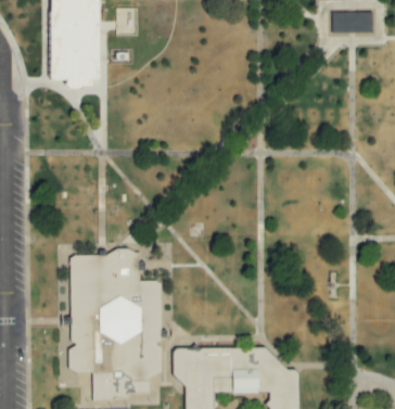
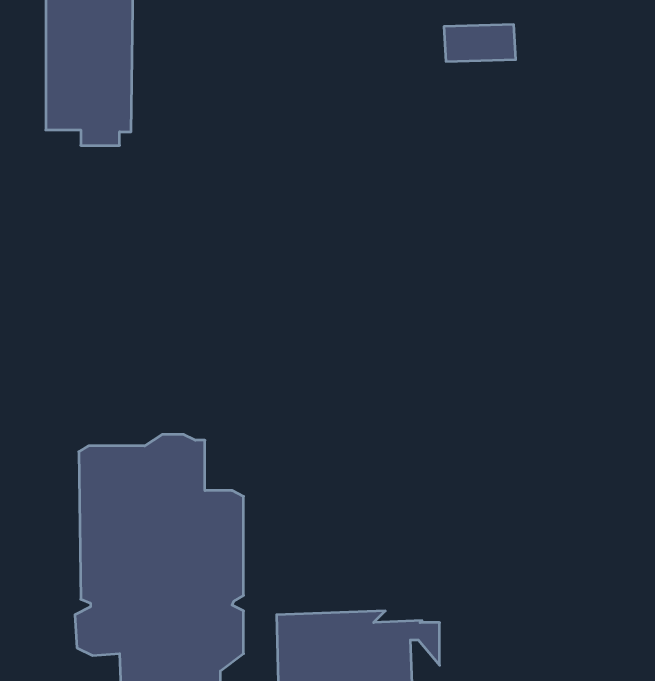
building: [332,12,372,33] -> [444,25,516,61]

